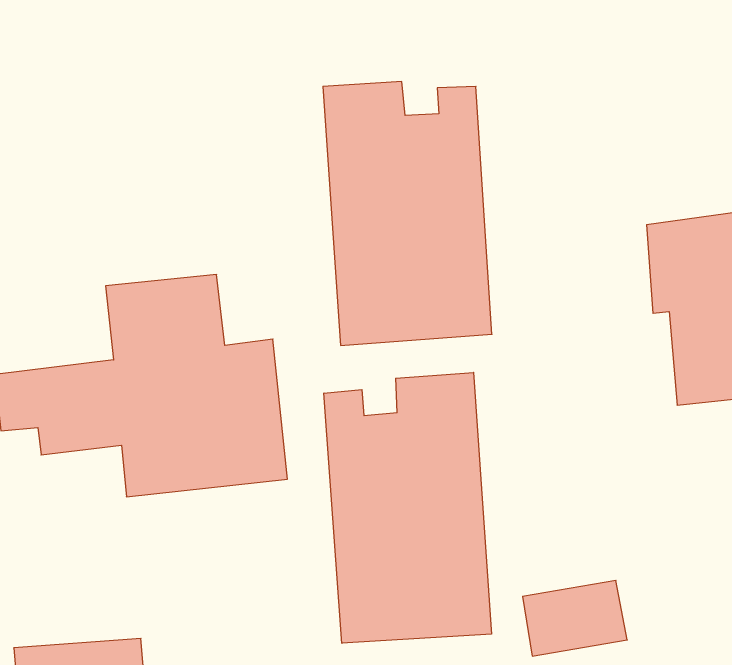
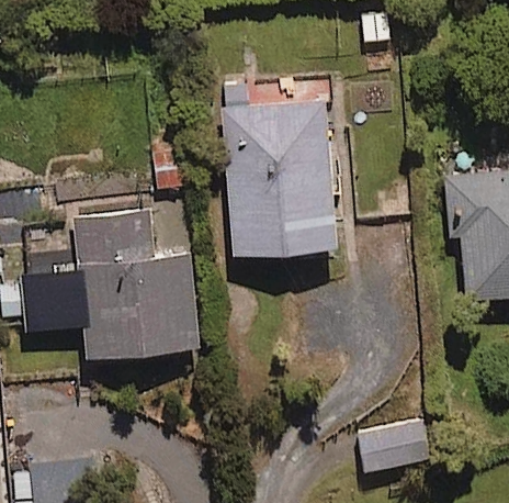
building: [324,372,491,643] -> none

